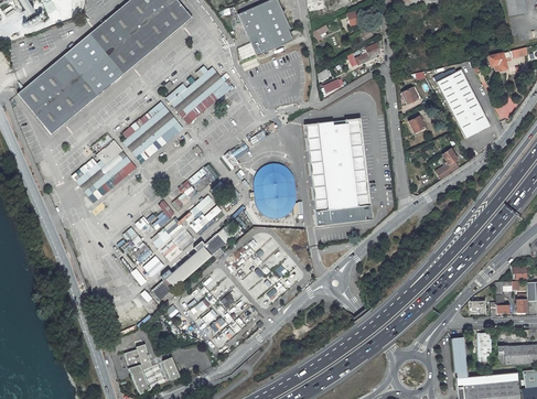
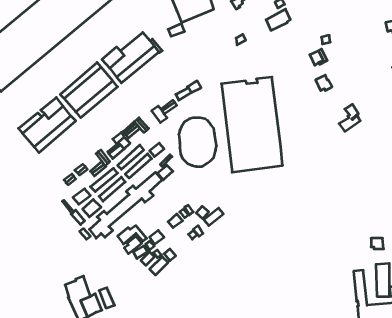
building: [437,68,491,138] -> none

